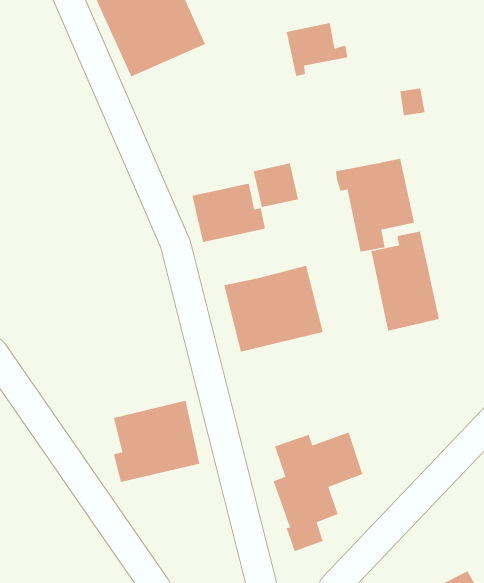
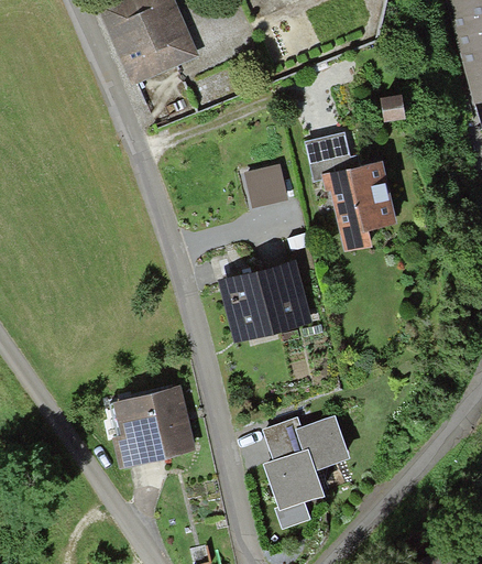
building: [286,22,348,76] -> [304,131,362,182]
building: [192,183,266,243] -> none
building: [371,231,440,332] -> none

